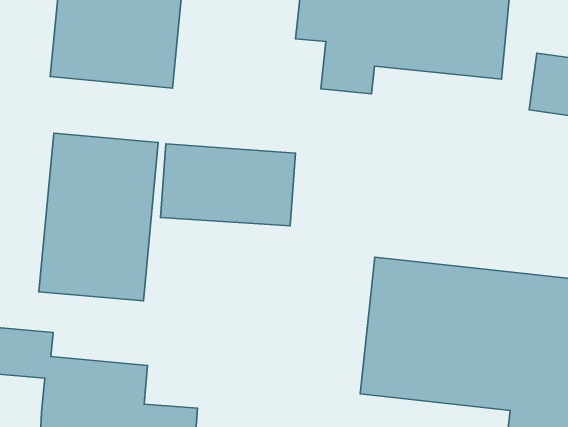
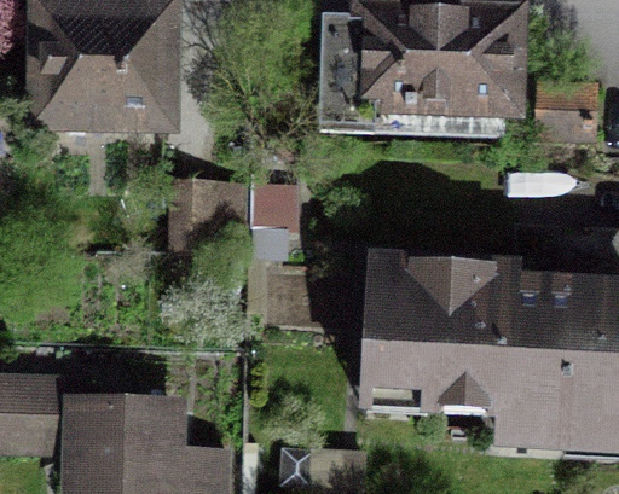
building: [39,133,158,301] -> none

